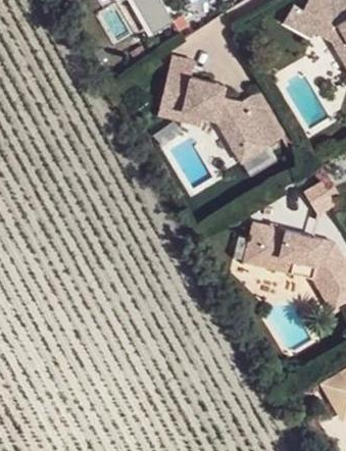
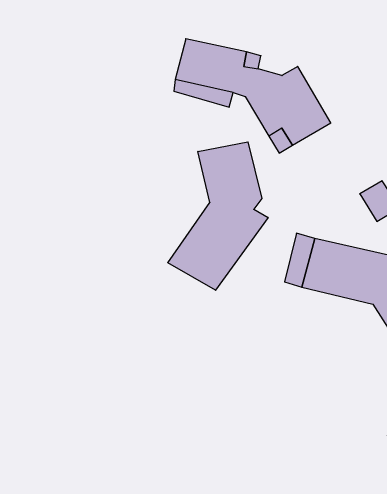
building: none -> [168,142,268,290]

